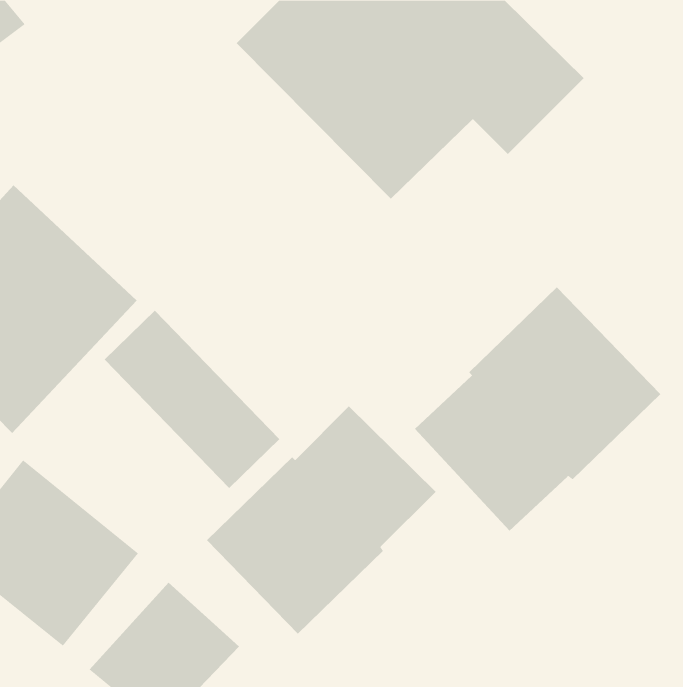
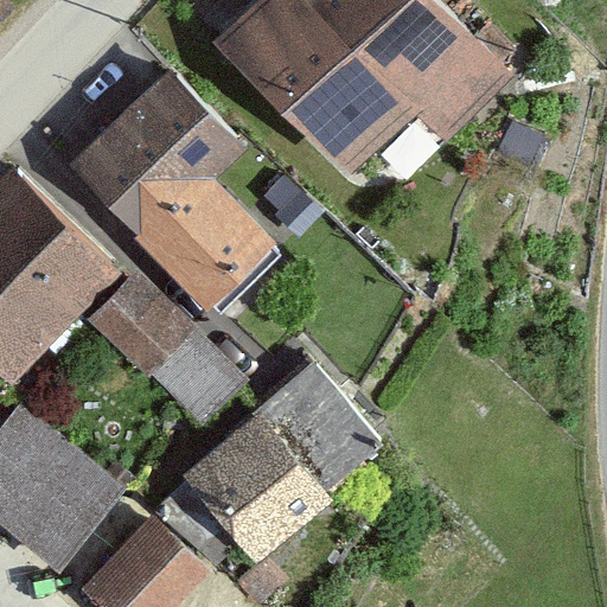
building: none -> [68,65,280,314]
building: [414,286,661,532] -> none

